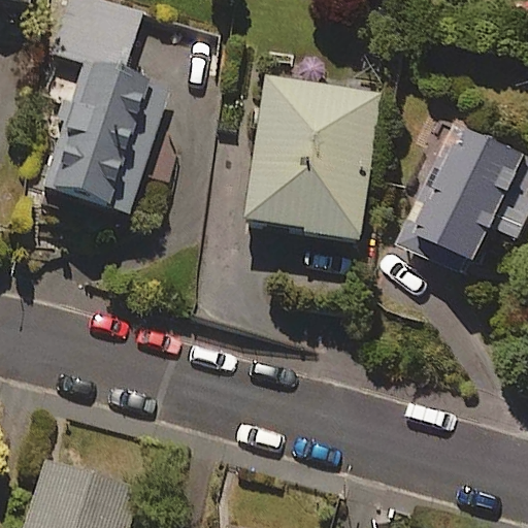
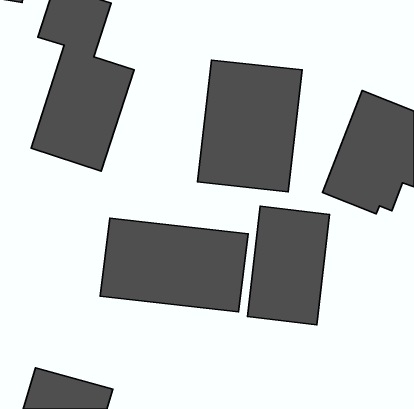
building: none -> [247,206,330,325]
building: none -> [100,218,248,312]

